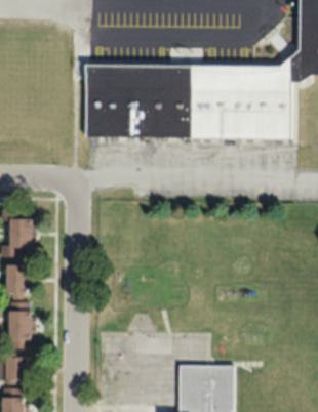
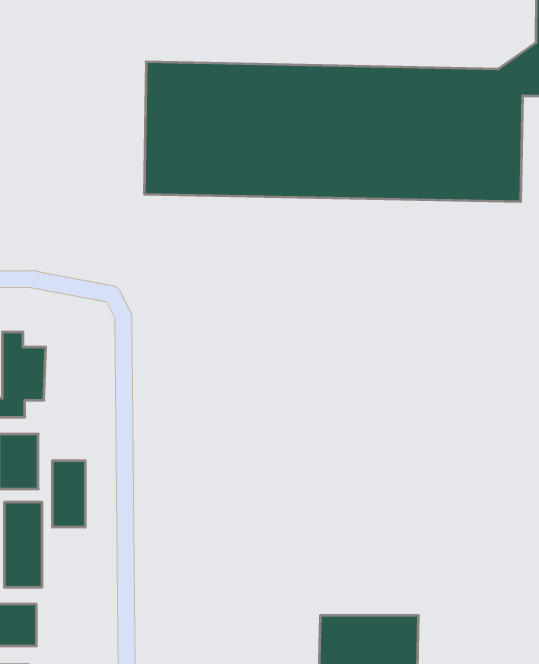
building: none -> [53,461,85,527]

